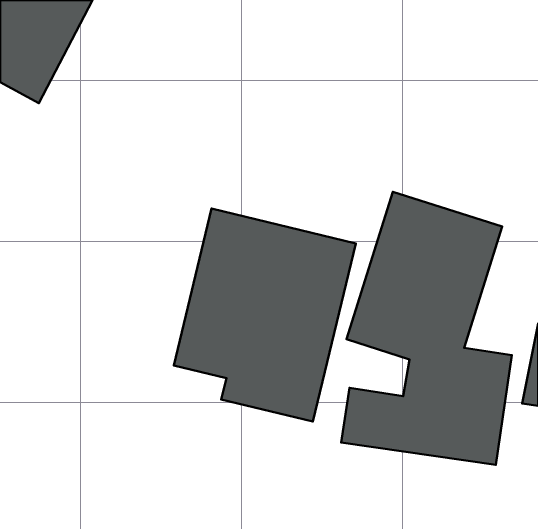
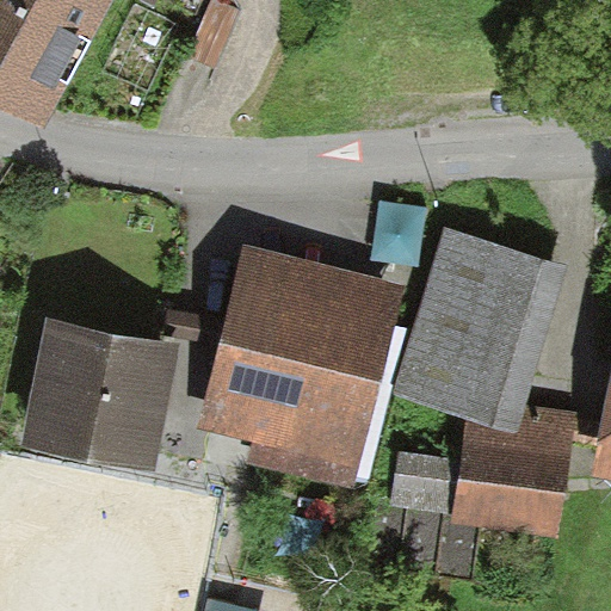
building: none -> [26,315,174,461]

